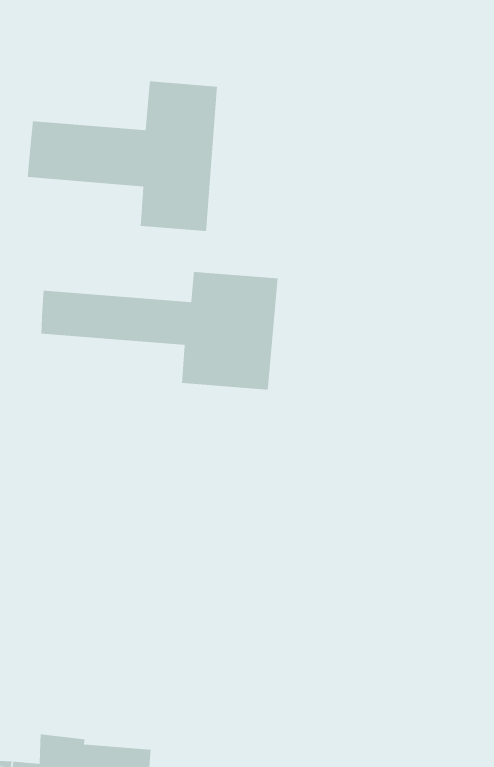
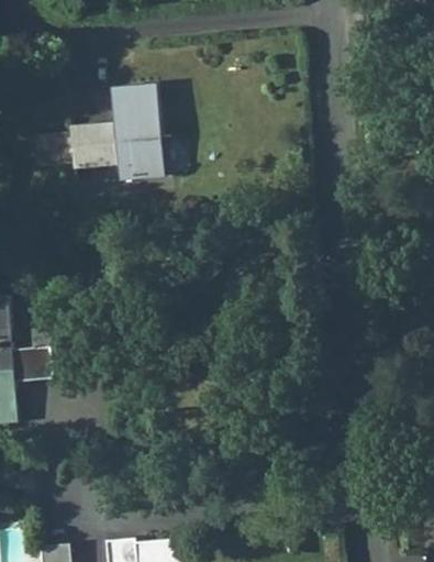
building: [40,271,278,391] -> none

